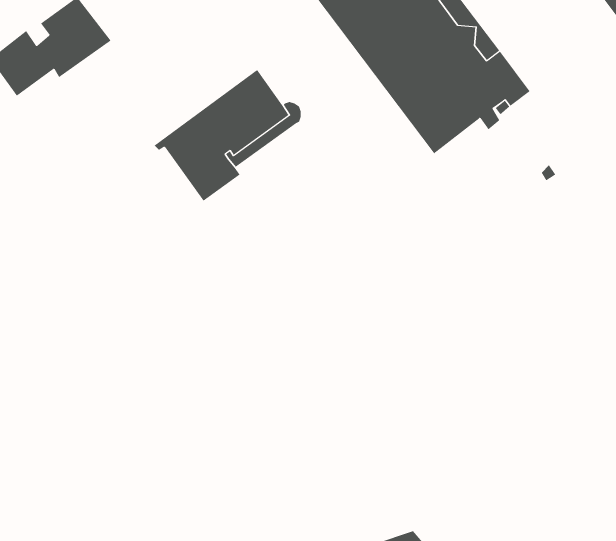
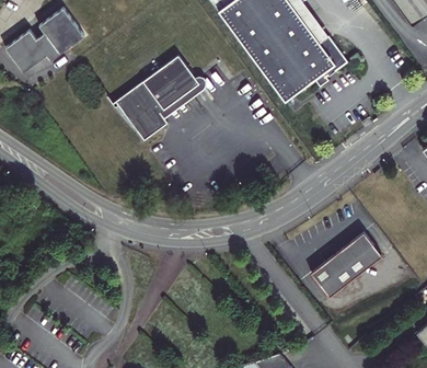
building: none -> [310,228,381,292]

